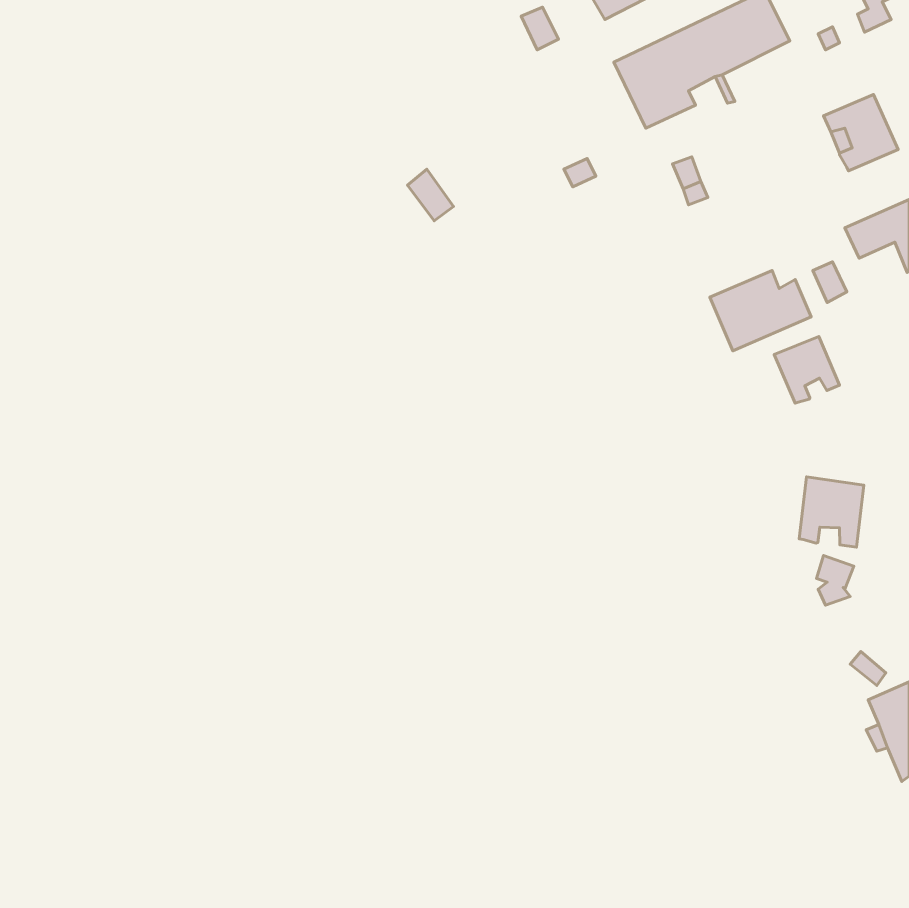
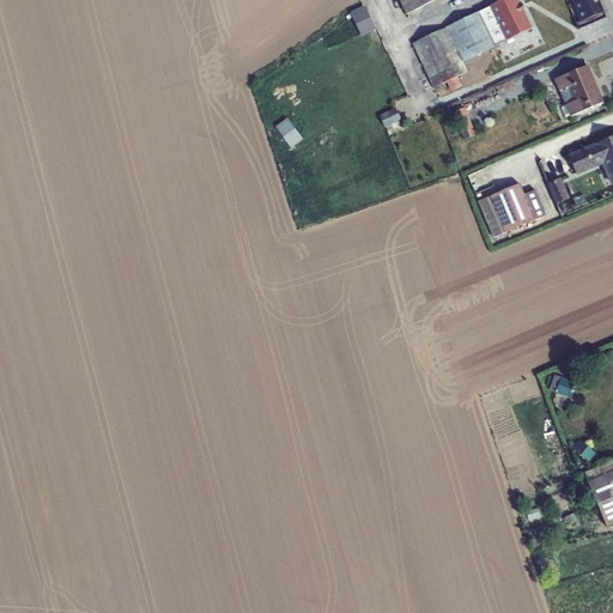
building: [774,337,840,403] -> none
building: [799,477,864,547] -> none

